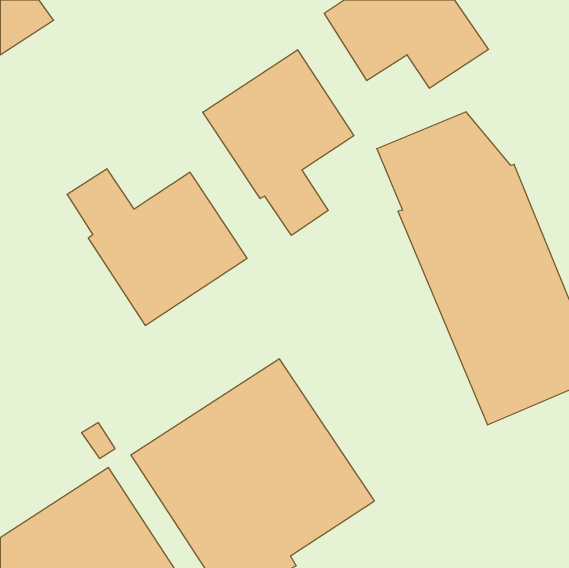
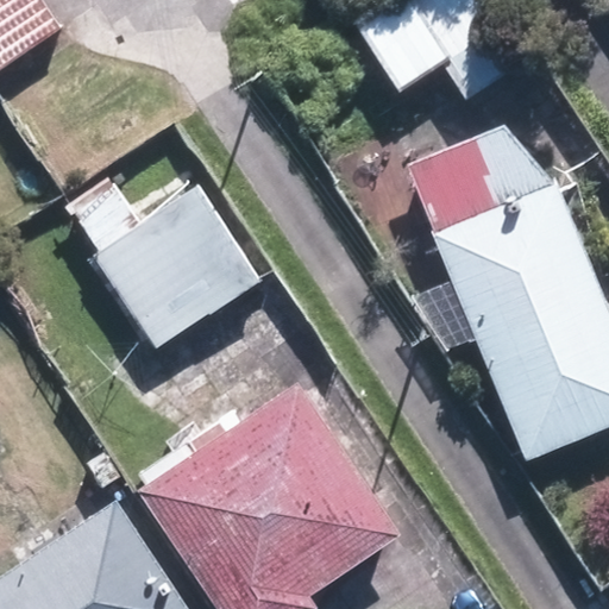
building: [203,50,354,235] -> none

